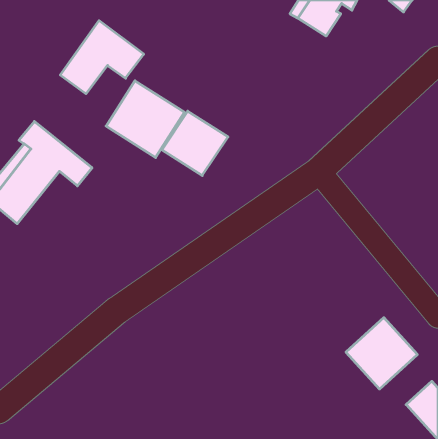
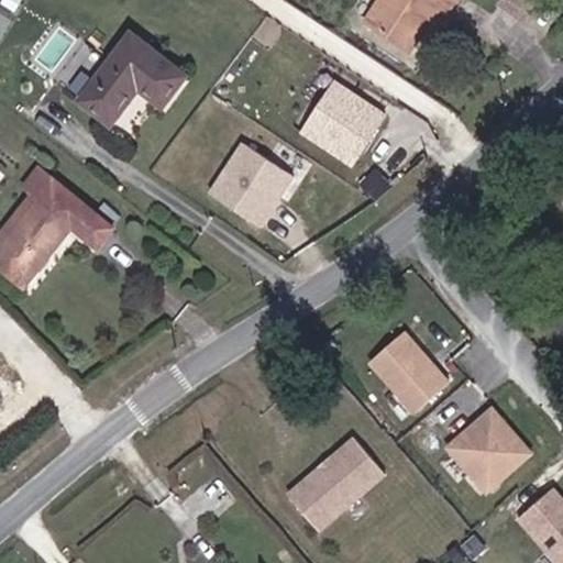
building: none -> [299,80,384,165]
building: [106,81,184,158] -> none
building: none -> [364,331,449,418]
building: none -> [284,437,383,528]

